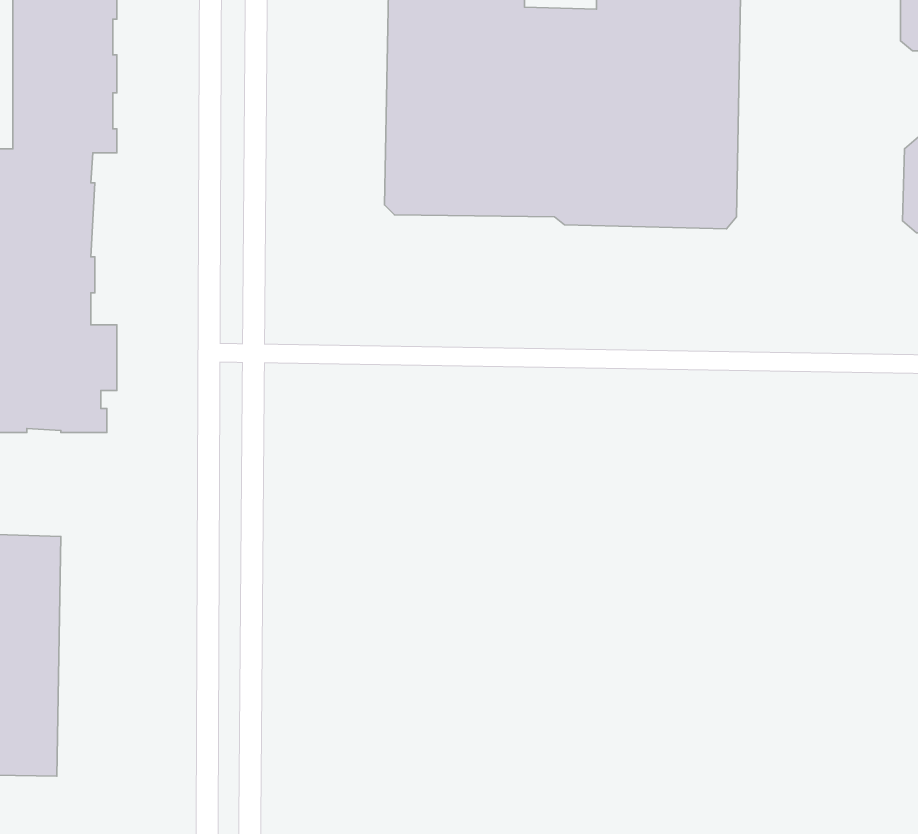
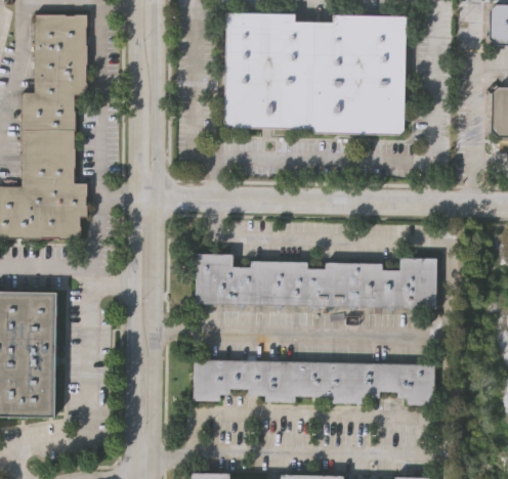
building: none -> [196,256,437,307]
building: none -> [192,359,433,405]

